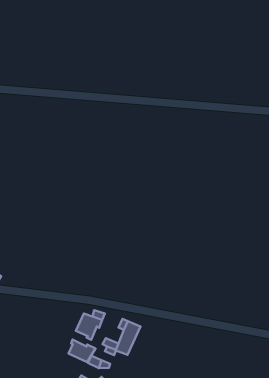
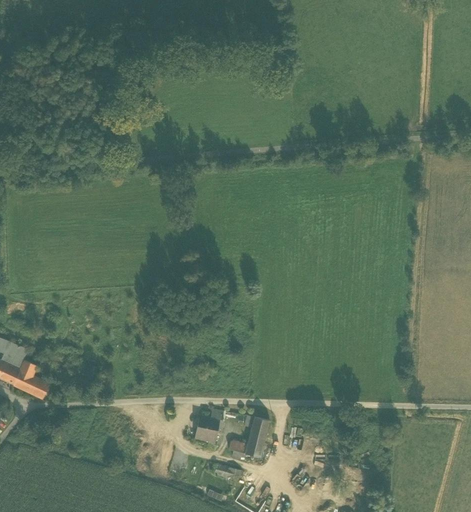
building: [69,340,95,362] -> none

